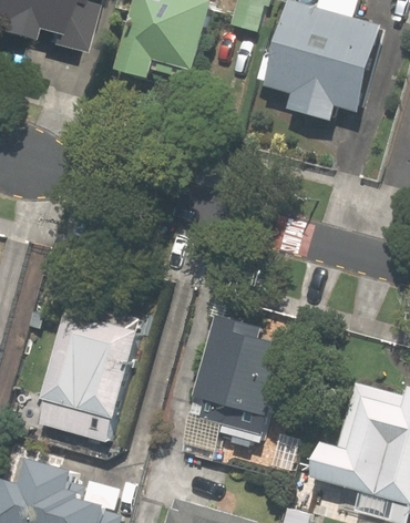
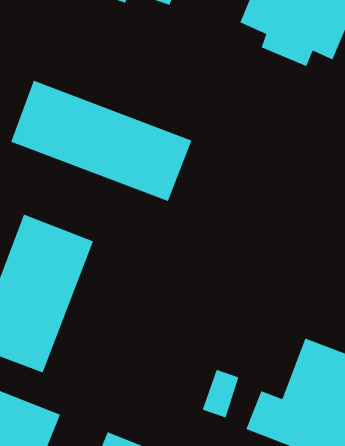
building: none -> [10,80,192,202]
building: [178,316,286,453] -> none

